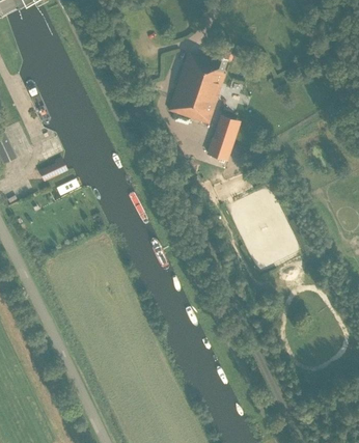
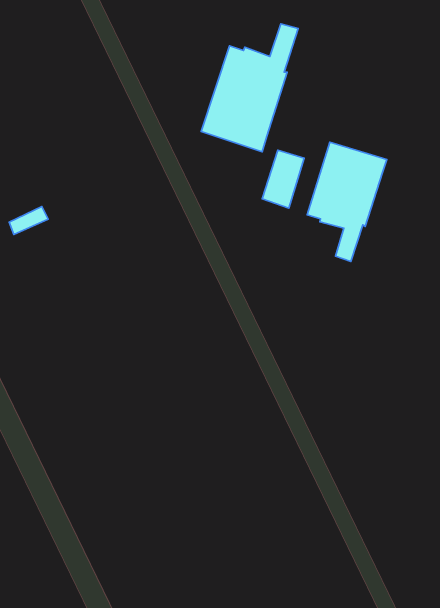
building: none -> [307,142,387,262]

